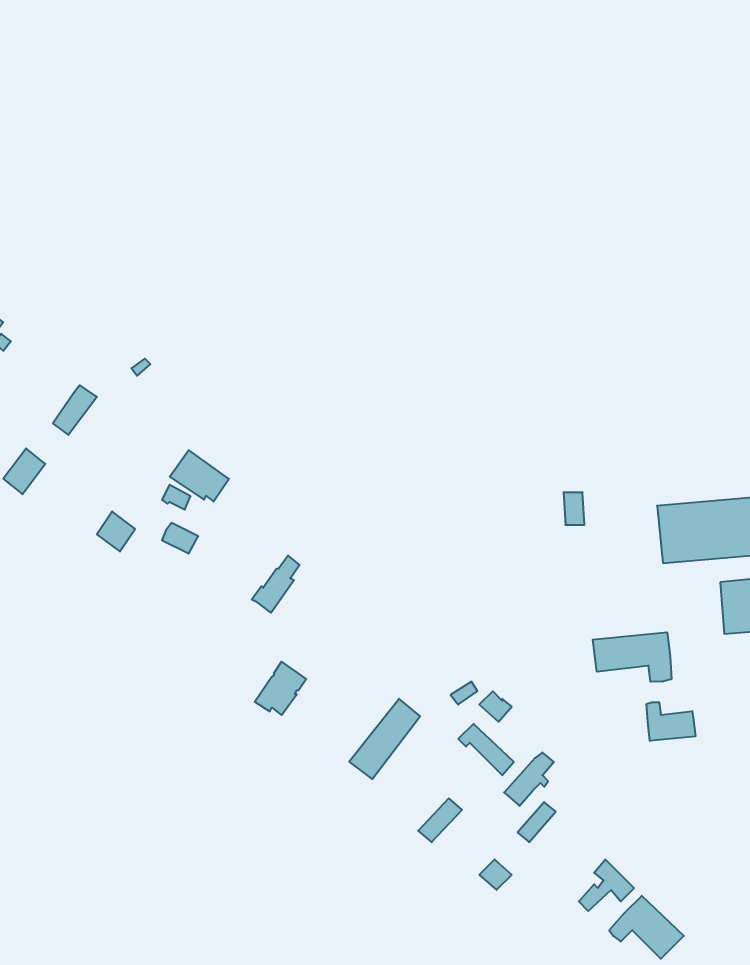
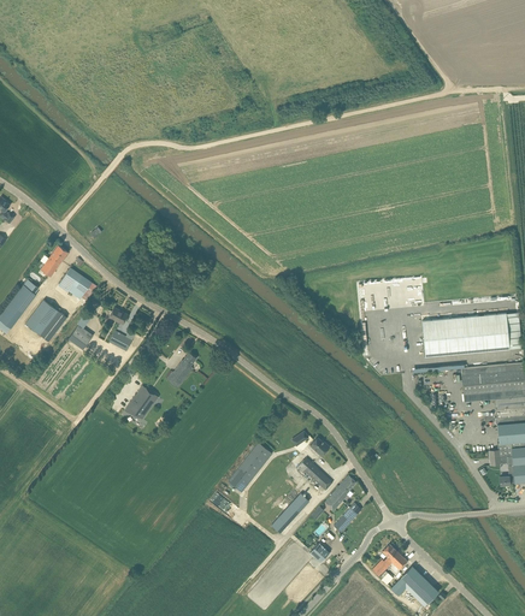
building: [170,450,229,502] -> [58,267,95,300]
building: none -> [24,300,66,340]
building: [593,632,671,682] -> none
building: [255,662,306,715] -> [123,385,155,419]
building: [647,702,695,741] -> none

